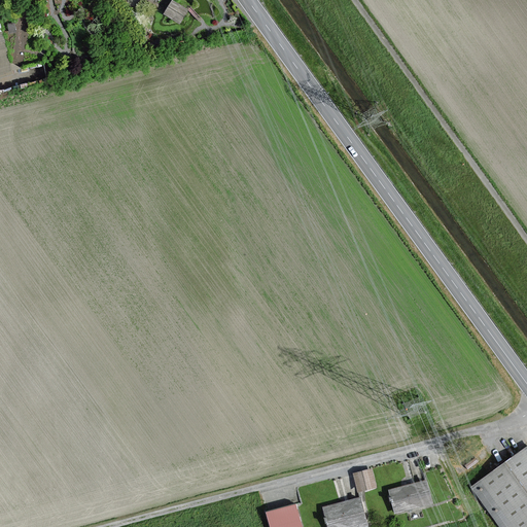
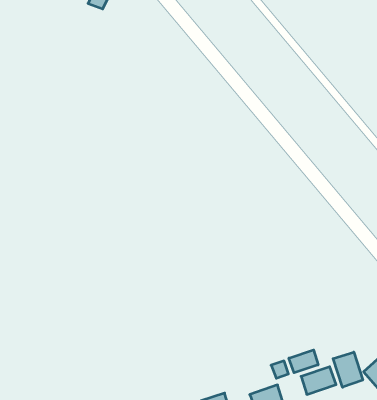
building: none -> [289,350,318,373]
building: none -> [333,352,363,387]

